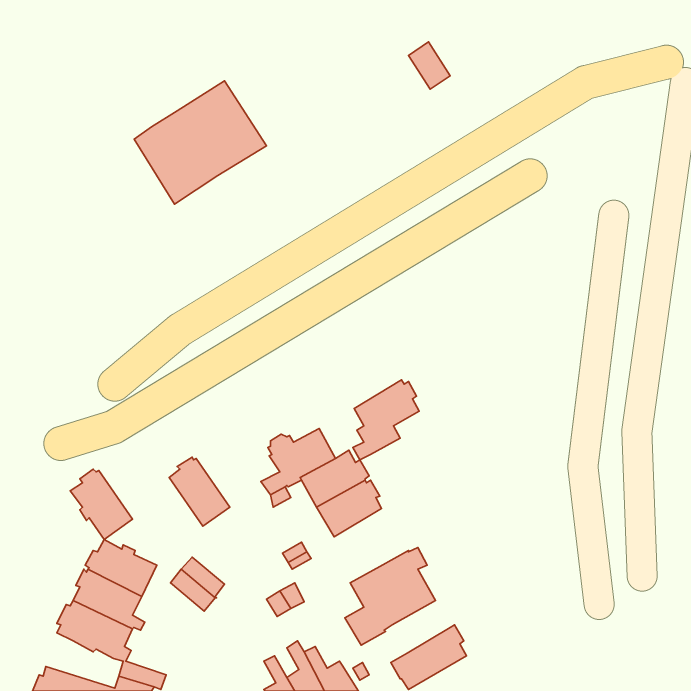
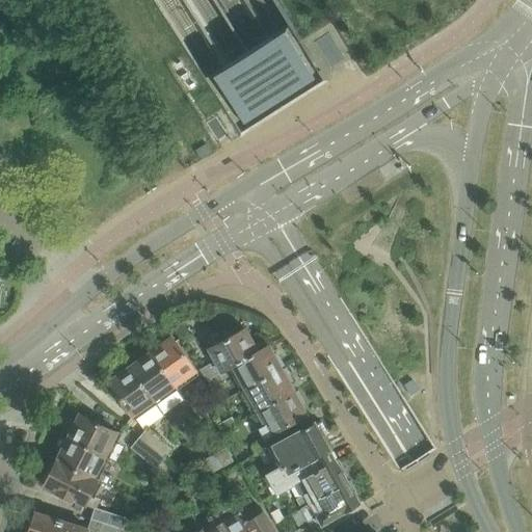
building: [134,81,267,204] -> [216,33,318,128]
building: [353,380,419,460] -> [256,391,307,452]
building: none -> [151,338,198,390]
building: [70,469,133,540] -> [108,366,156,420]
building: none -> [296,459,346,509]

